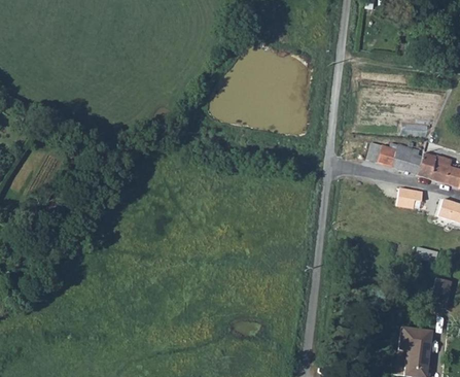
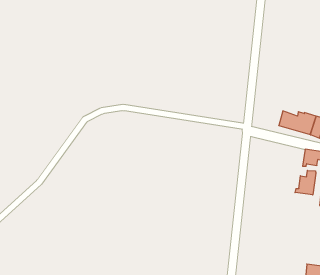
building: none -> [295,170,316,195]

